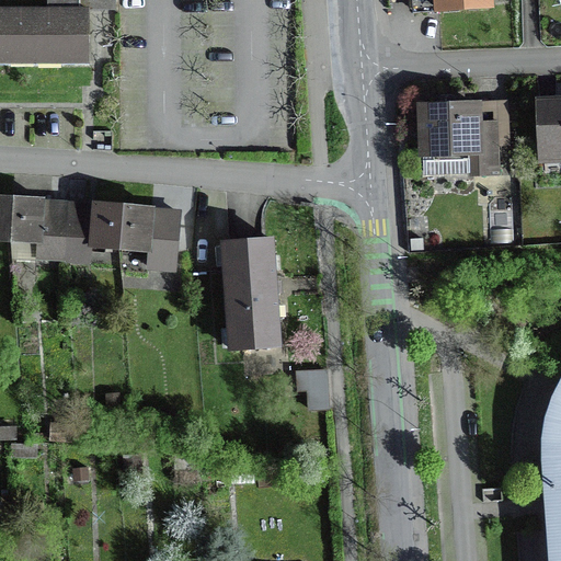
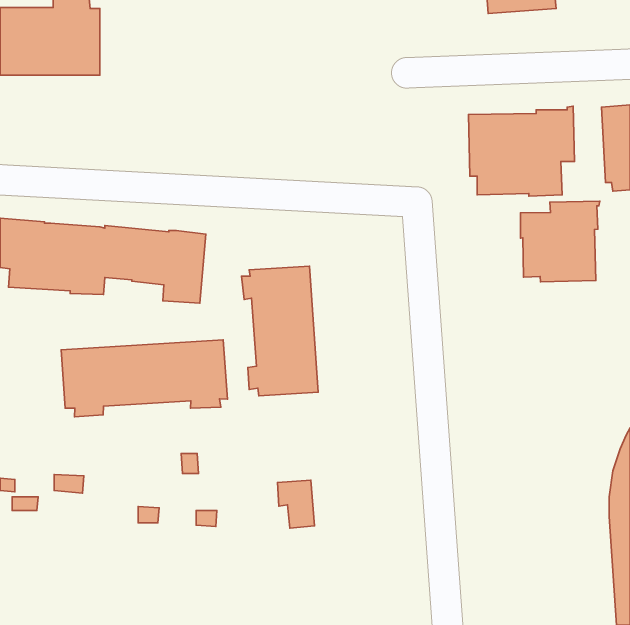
building: none -> [520,201,600,282]
building: none -> [61,340,227,417]
building: [297,366,330,409] -> [278,480,315,528]

